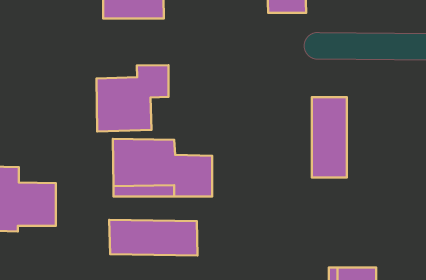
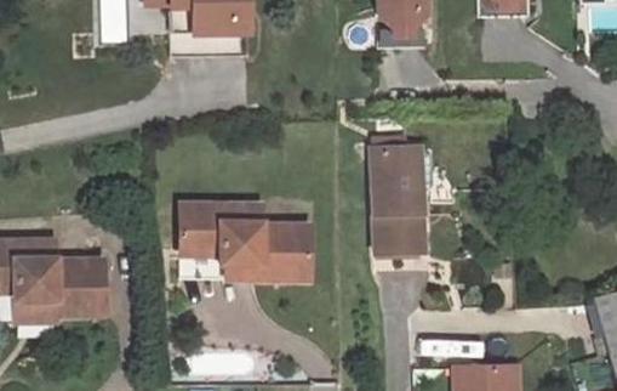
building: [96,65,169,132] -> none
building: [312,97,347,178] -> [381,151,425,254]
building: [109,220,198,255] -> none

